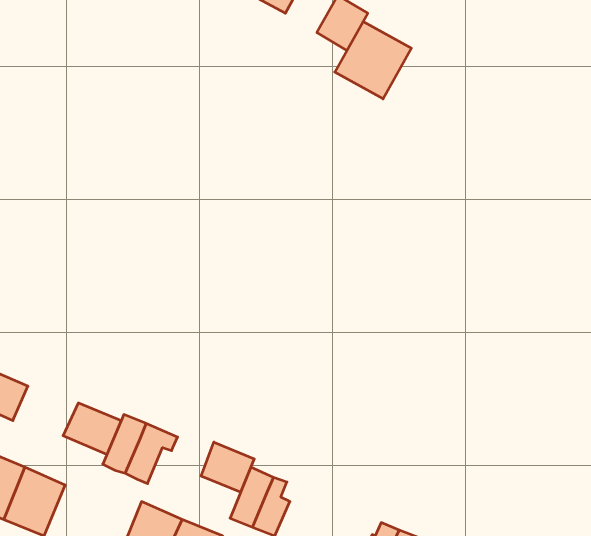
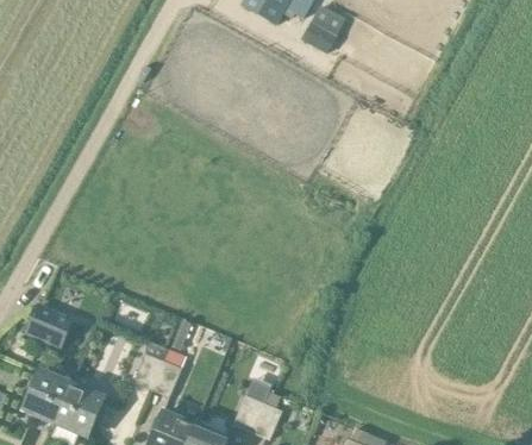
building: [335,22,411,99] -> none
building: [63,403,121,454] -> none
building: [201,442,254,492] -> none

